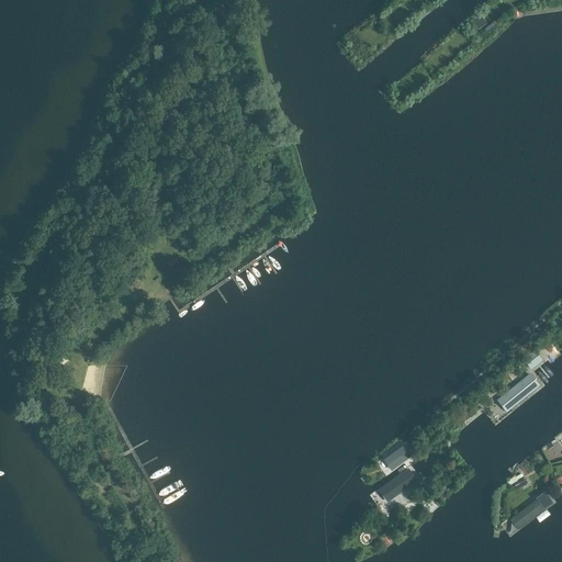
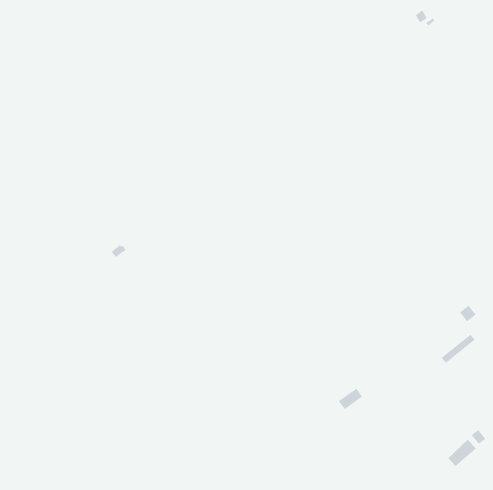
building: [378,468,416,502] -> none

